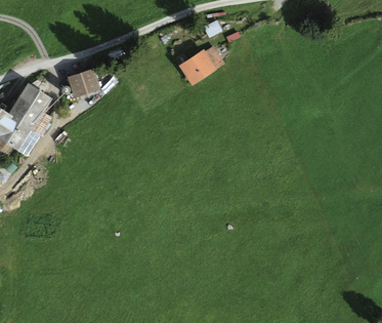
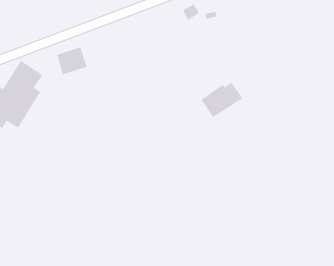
building: [178,46,224,85] -> [201,82,243,118]

